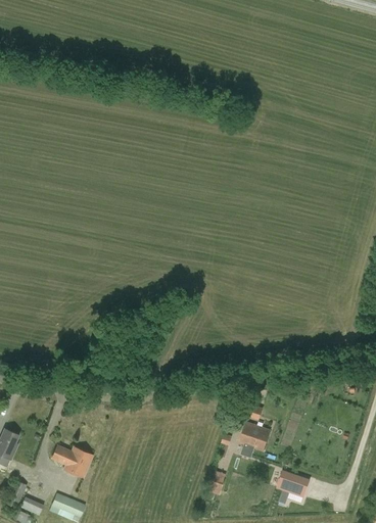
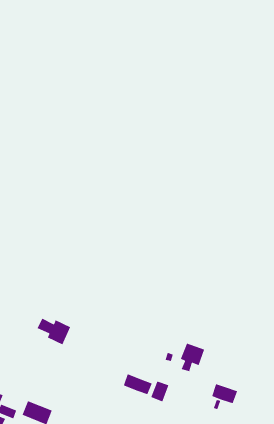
building: [51,444,93,478] -> [37,318,71,346]
building: none -> [123,373,153,395]

